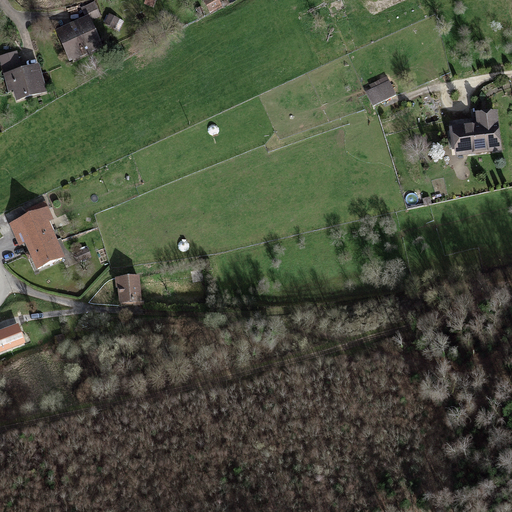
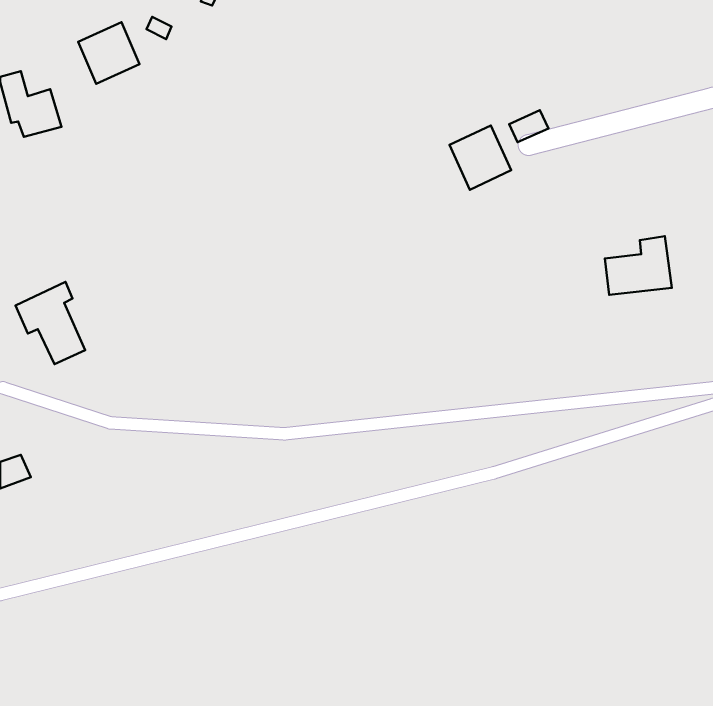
building: none -> [449,125,511,190]
building: [451,111,499,153] -> [605,236,672,295]
building: [116,270,141,296] -> none

